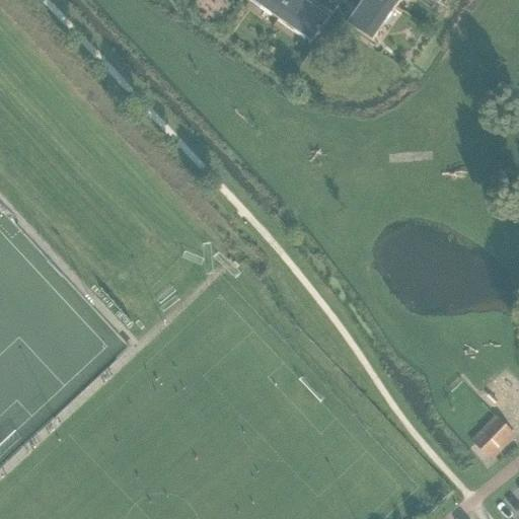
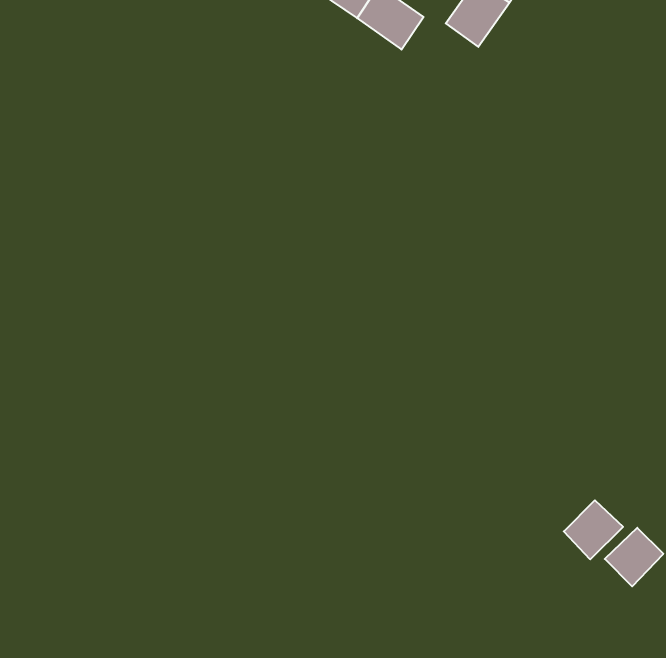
building: none -> [564,500,623,559]

